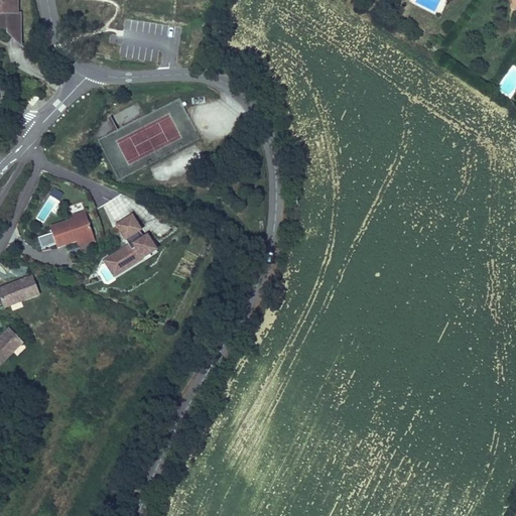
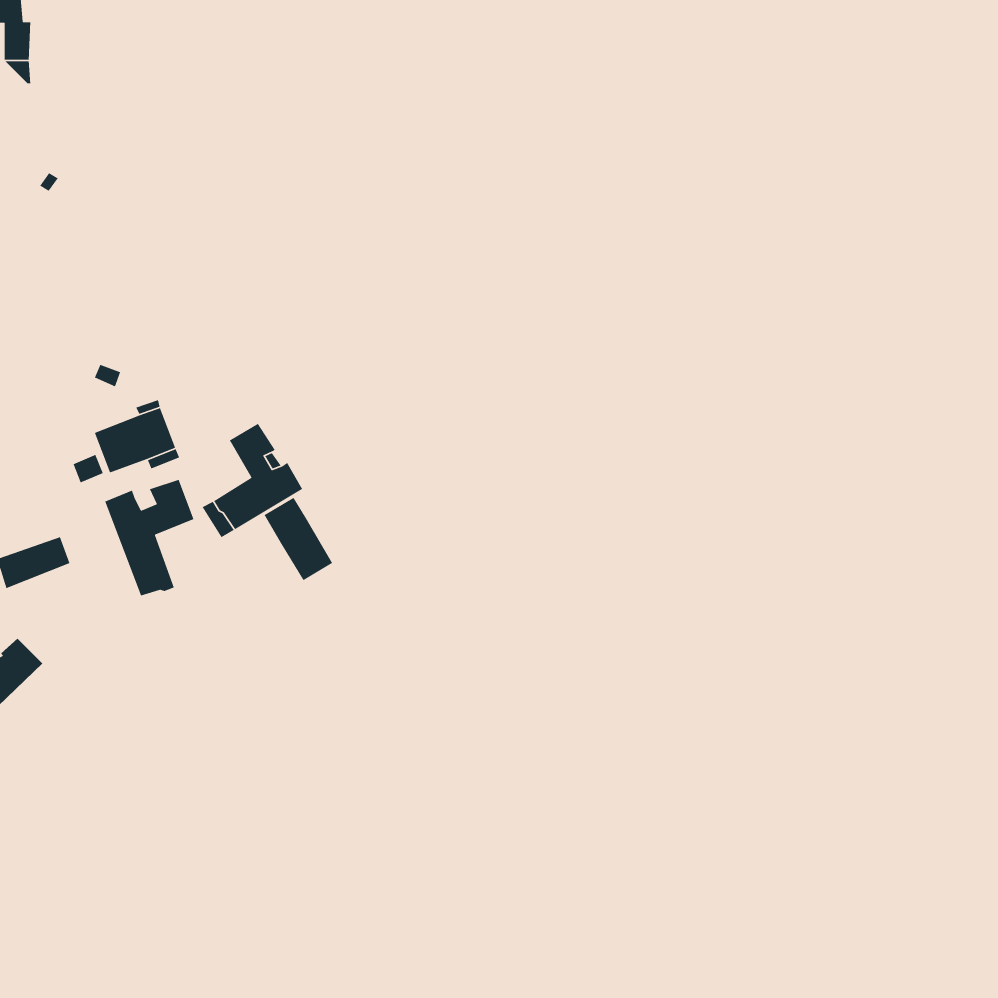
building: none -> [104,479,195,596]
building: none -> [264,497,333,581]

